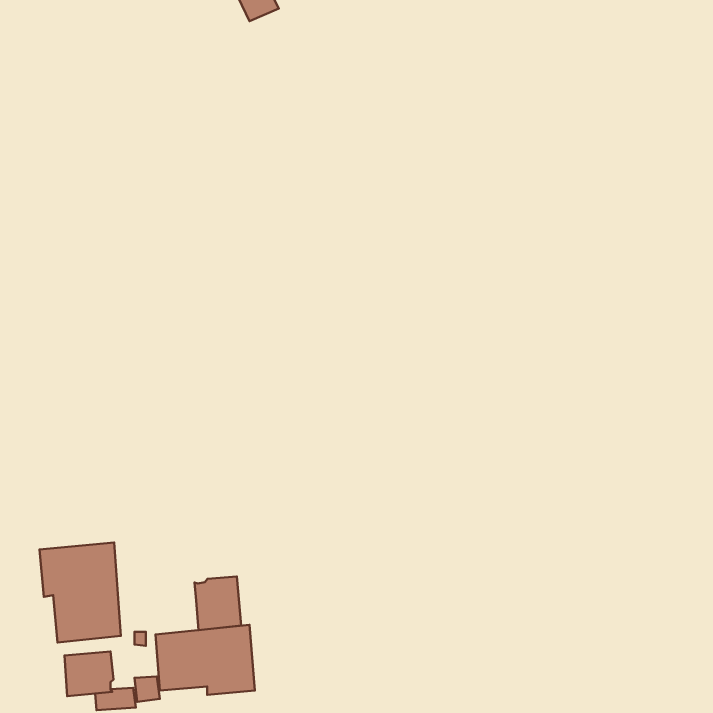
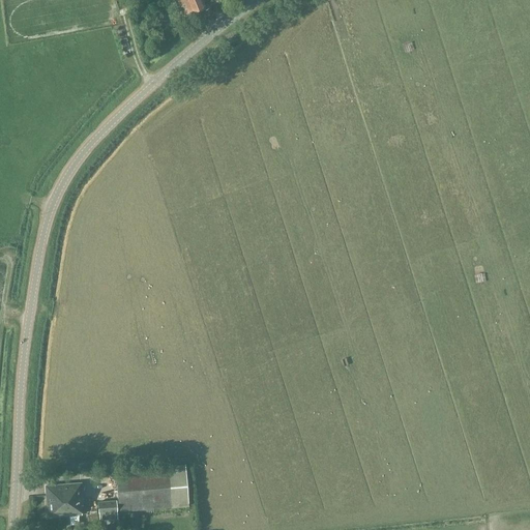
building: [39,543,121,642] -> none
building: [194,576,241,630] -> none

